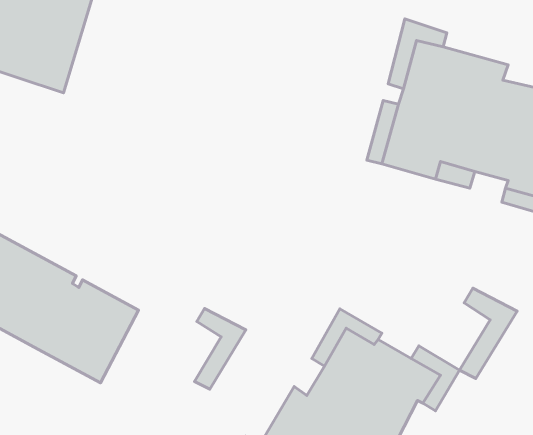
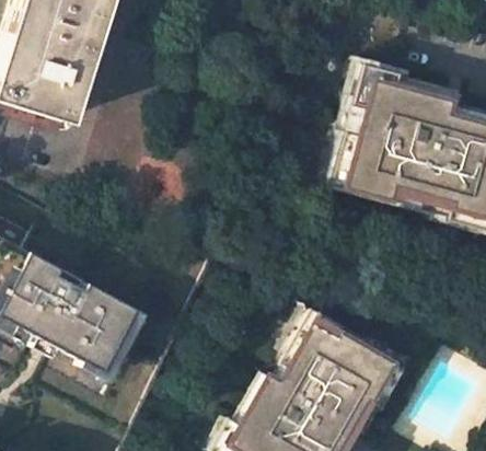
building: [460,288,517,378] -> none
building: [195,308,246,389] -> none

